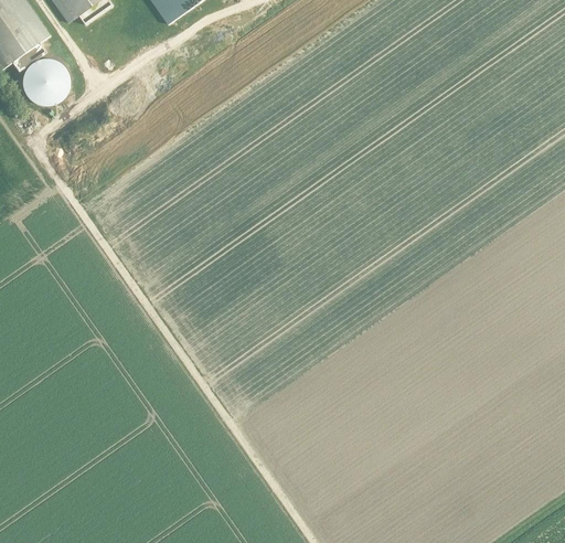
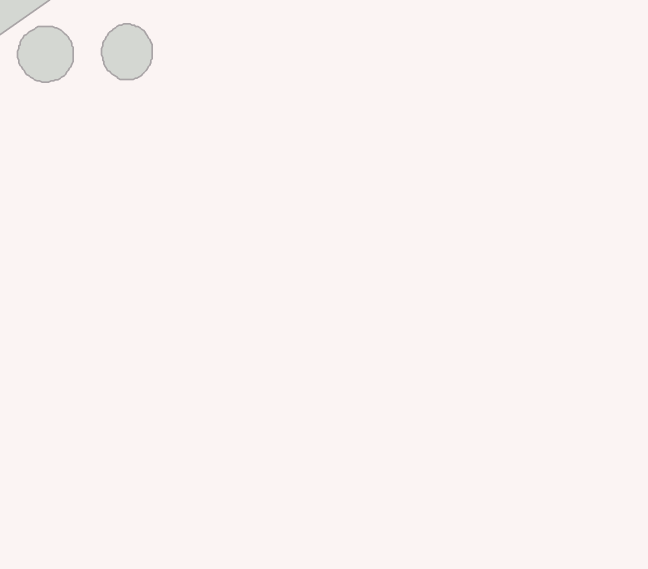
building: none -> [102,24,152,79]

